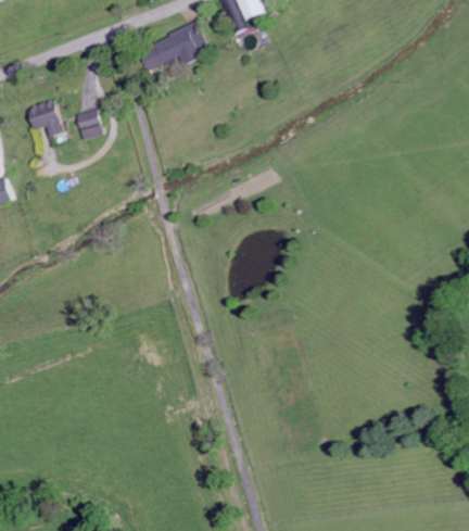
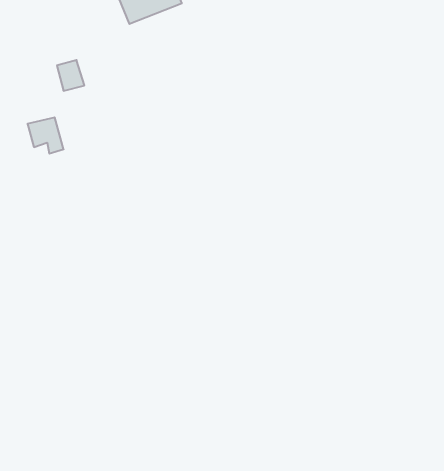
building: [27,100,63,136] -> [27,117,64,154]

